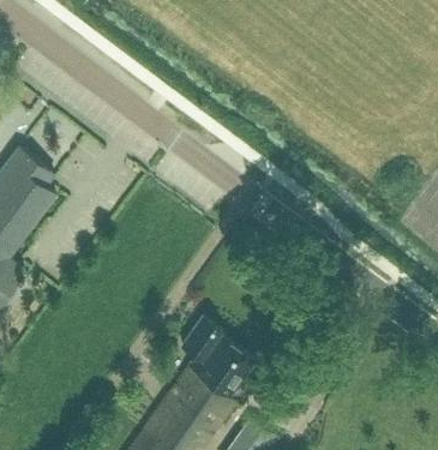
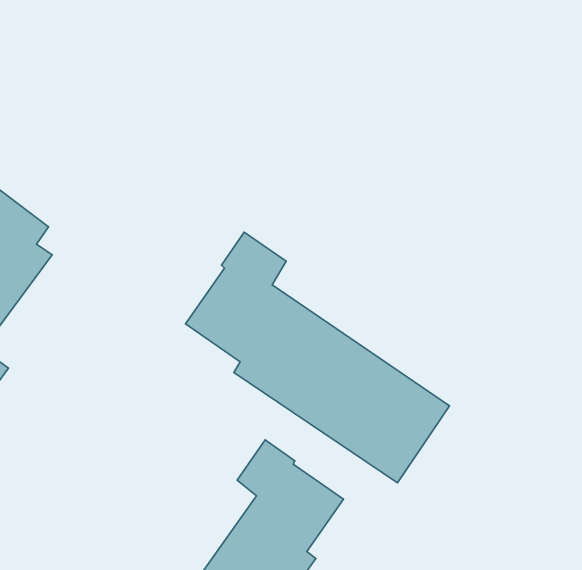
building: none -> [185,232,449,483]

